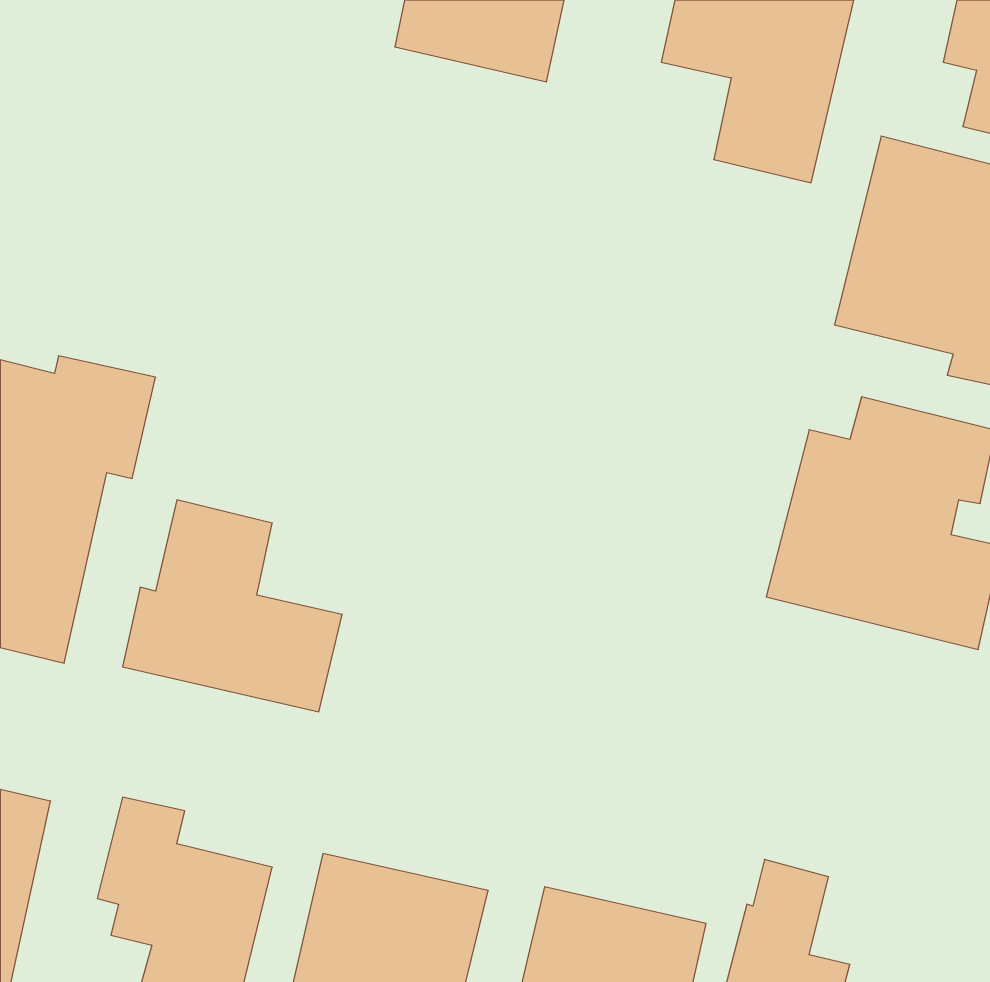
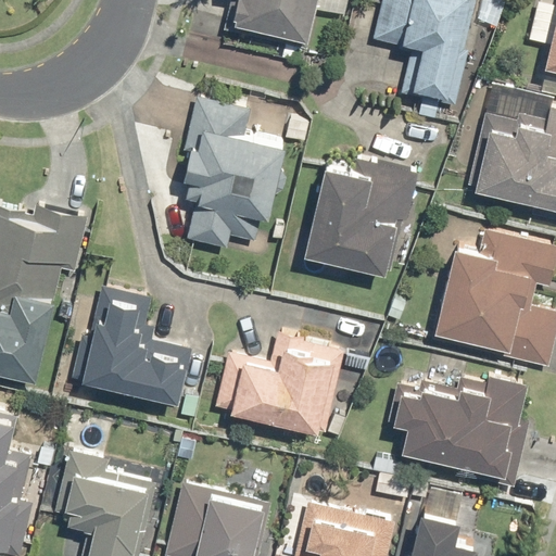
building: none -> [177,97,285,248]
building: none -> [301,160,419,275]
building: none -> [214,331,348,435]
building: none -> [387,375,531,489]

